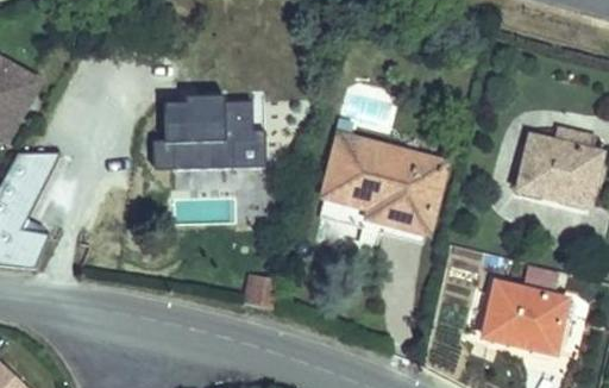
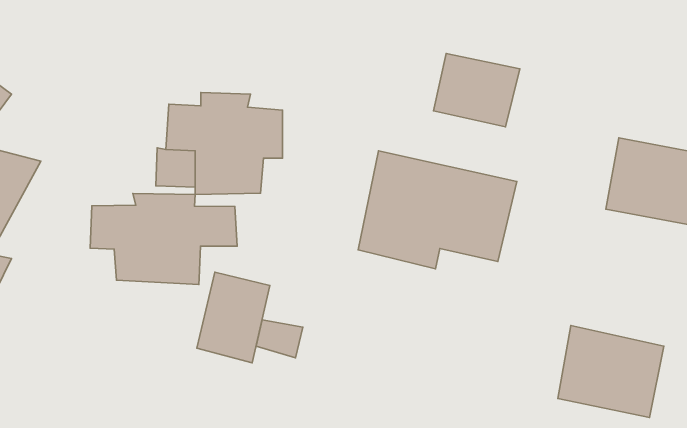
building: none -> [434,54,520,127]
building: none -> [90,193,237,285]
building: none -> [197,272,270,363]

